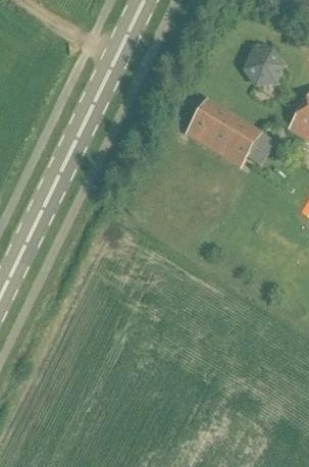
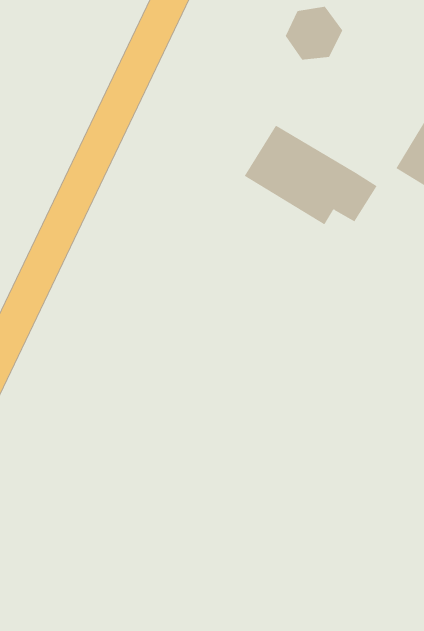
building: [244,48,284,85] -> [285,6,343,60]

